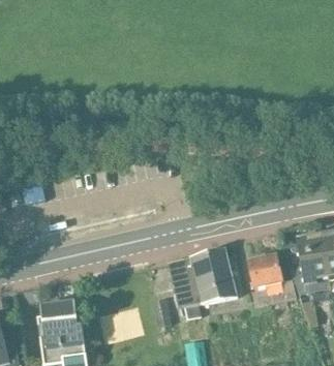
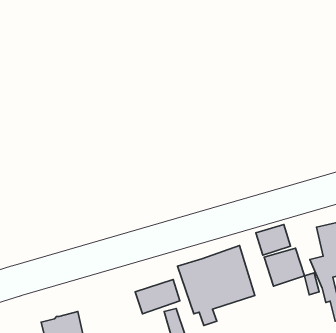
building: none -> [256,224,290,255]
building: none -> [135,280,180,314]

